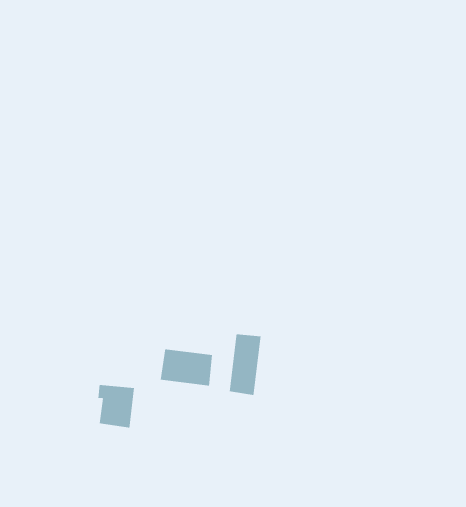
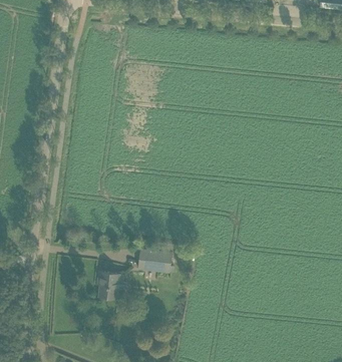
building: [229,334,261,396] -> none

